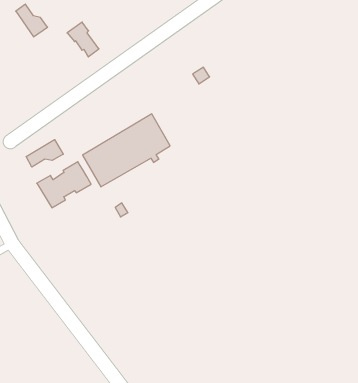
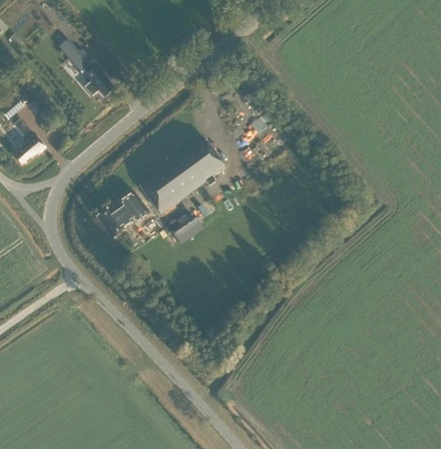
building: [67,22,99,57] -> [81,62,114,96]
building: [26,140,63,167] -> none

